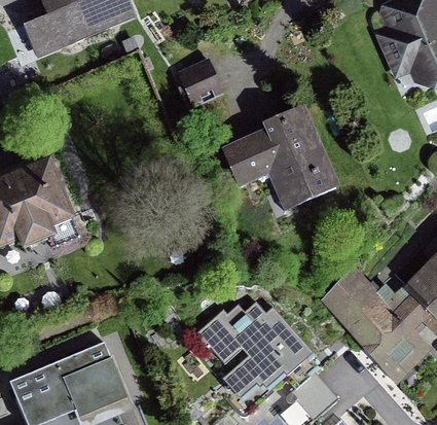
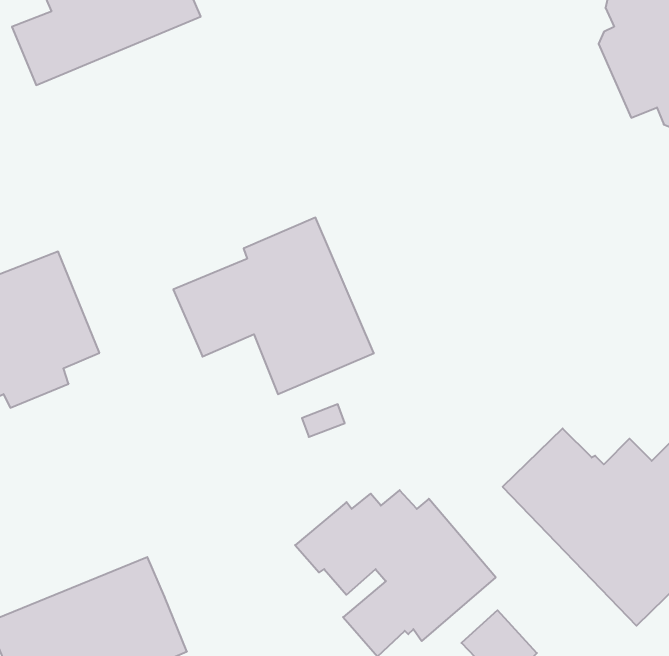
building: [177,57,225,107] -> none
building: [220,103,340,209] -> [173,218,374,394]

